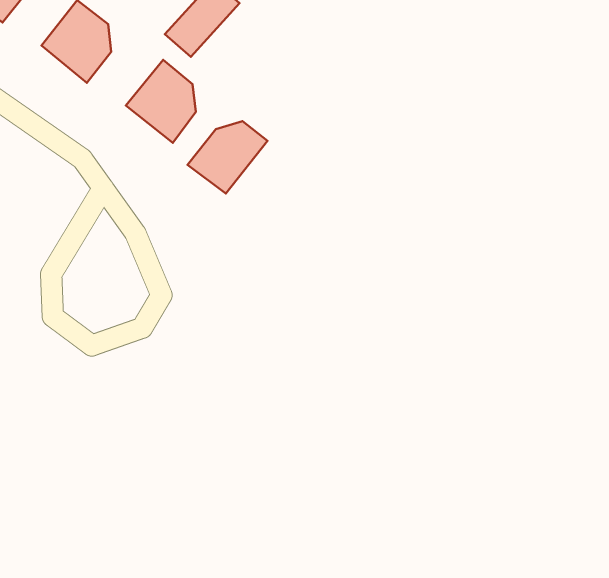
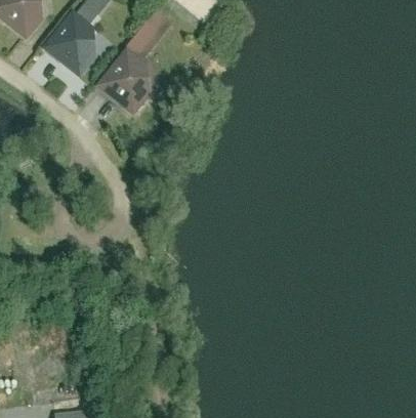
building: [188,121,268,193] -> none

